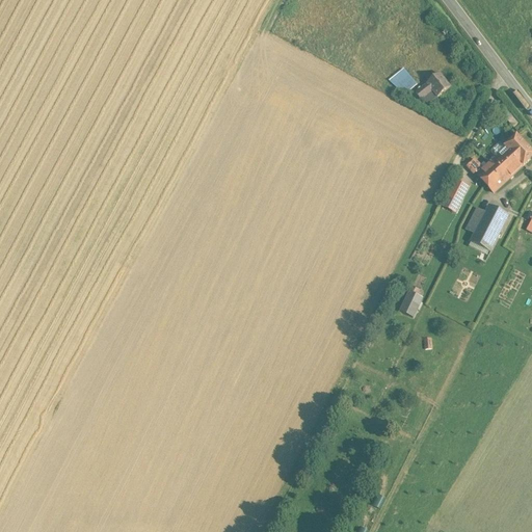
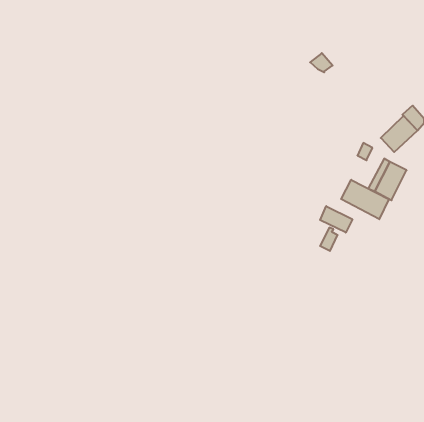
building: [414,71,449,102] -> none
building: none -> [341,180,389,219]
building: none -> [320,206,352,233]

